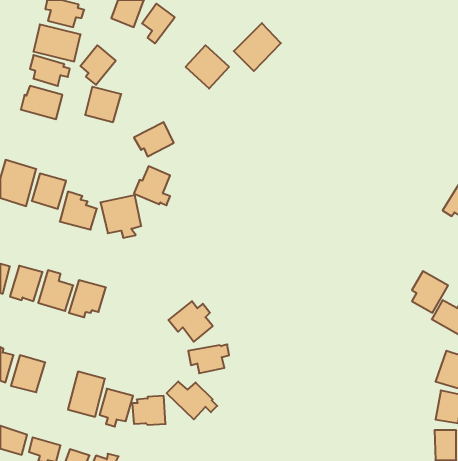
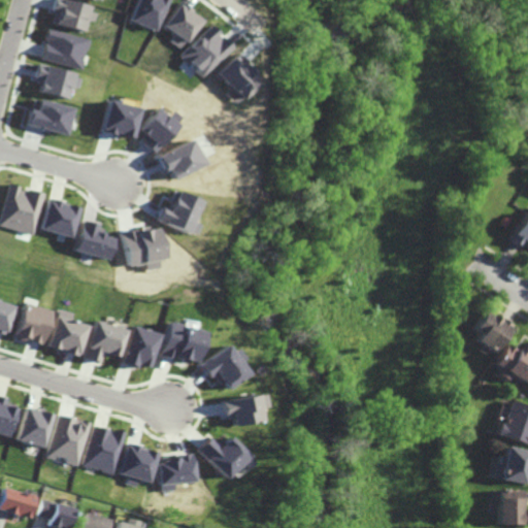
building: [234,23,281,71] -> [183,25,236,79]
building: [80,45,116,85] -> [139,107,179,153]
building: none -> [159,323,202,364]
building: none -> [121,326,159,371]
building: none -> [48,415,92,467]

